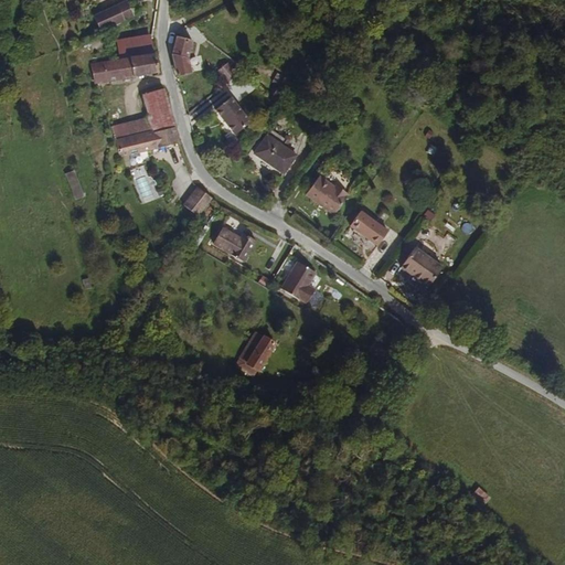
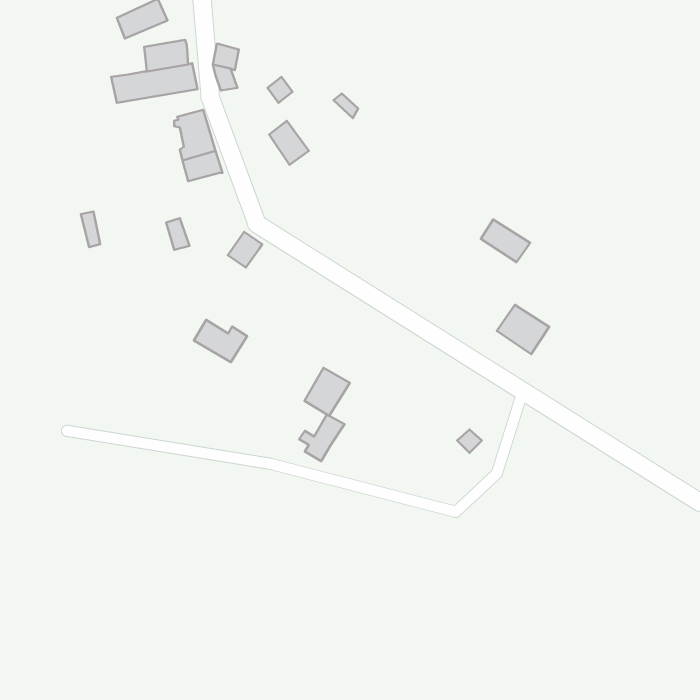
building: [114,129,151,154] -> none
building: [249,132,298,173] -> none
building: [305,175,350,214] -> none
building: [349,211,388,245] -> [481,220,530,262]
building: [212,226,255,260] -> [194,320,247,362]
building: [281,262,318,300] -> [304,368,350,416]

